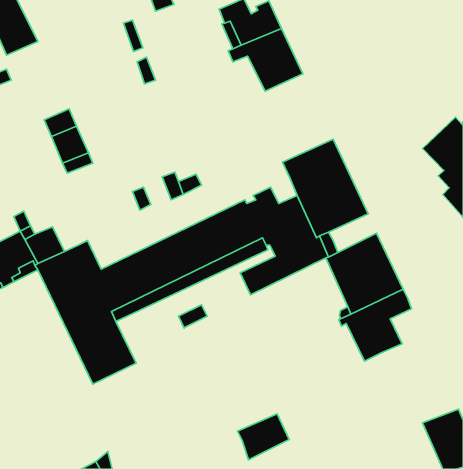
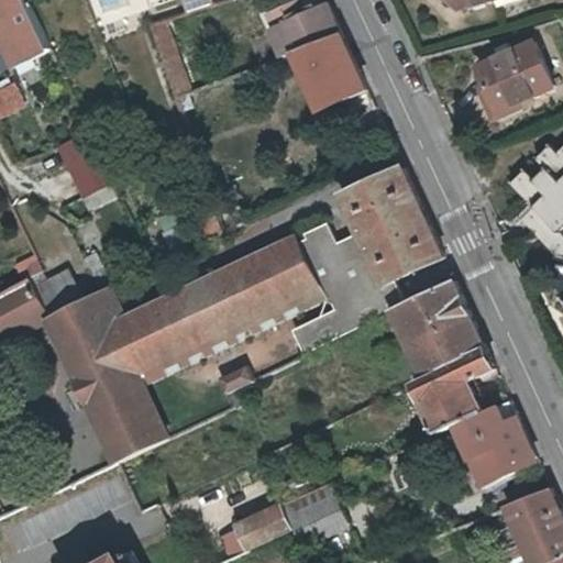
building: none -> [472,42,548,110]
building: none -> [455,397,534,483]
building: none -> [232,501,289,548]

